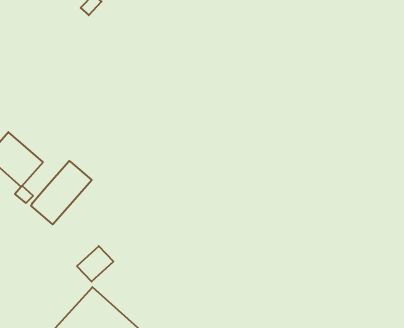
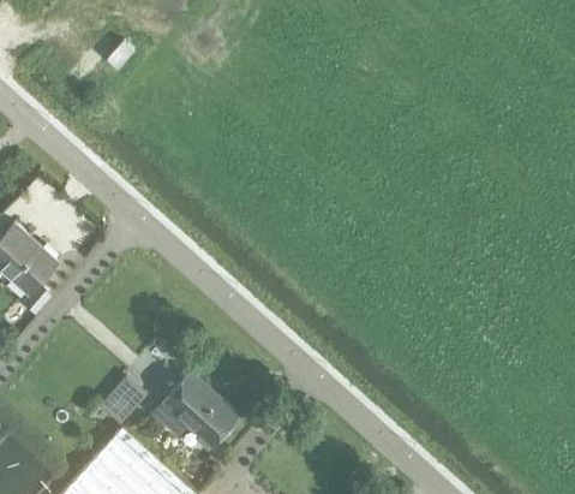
building: [31,161,92,224] -> none
building: none -> [151,381,239,450]

